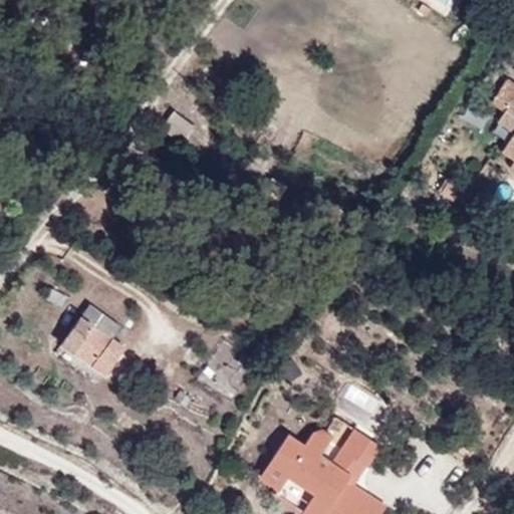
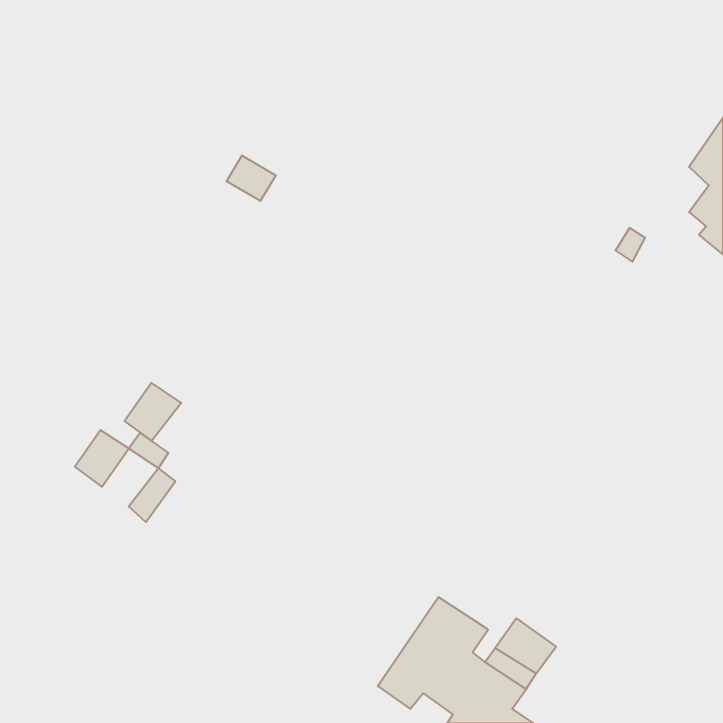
building: [72,318,112,359] -> [125,383,181,441]

